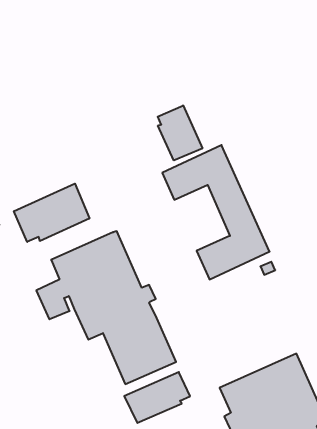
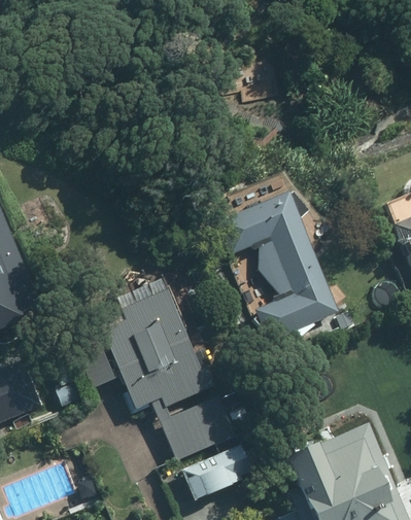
building: [158,105,202,160] -> none
building: [14,184,89,242] -> none

